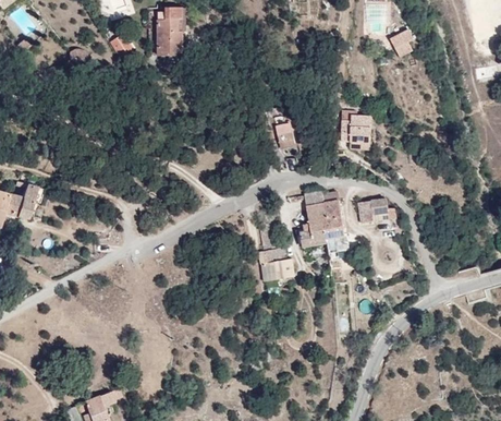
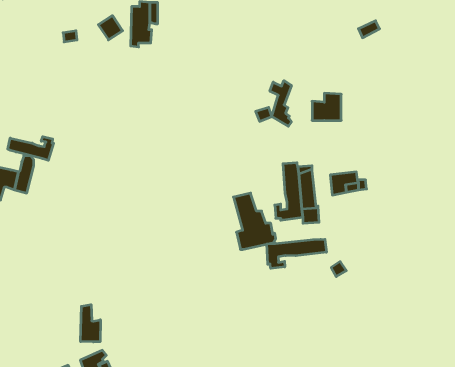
building: none -> [270,81,291,126]
building: none -> [8,137,54,160]
building: none -> [267,239,326,268]
building: none -> [81,305,100,342]

